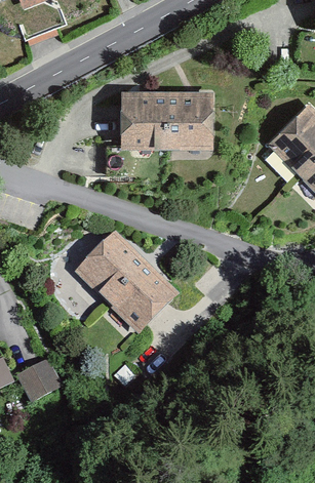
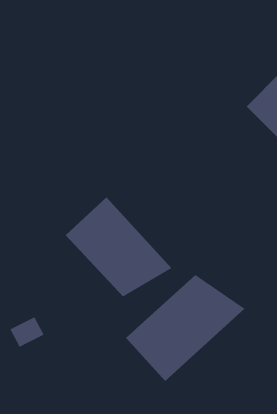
building: [122,91,208,146] -> none
building: none -> [125,274,245,382]

